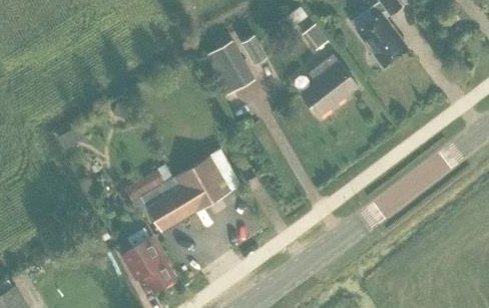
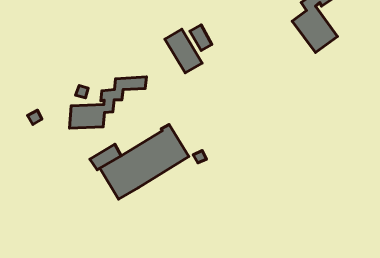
building: [301,55,358,117] -> none
building: none -> [70,77,147,128]
building: [122,239,174,291] -> none

